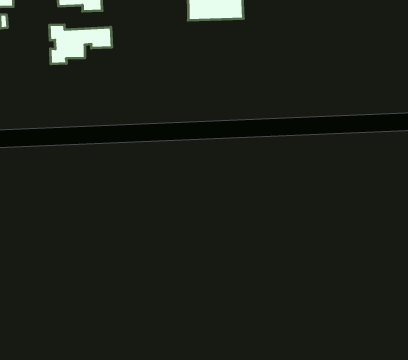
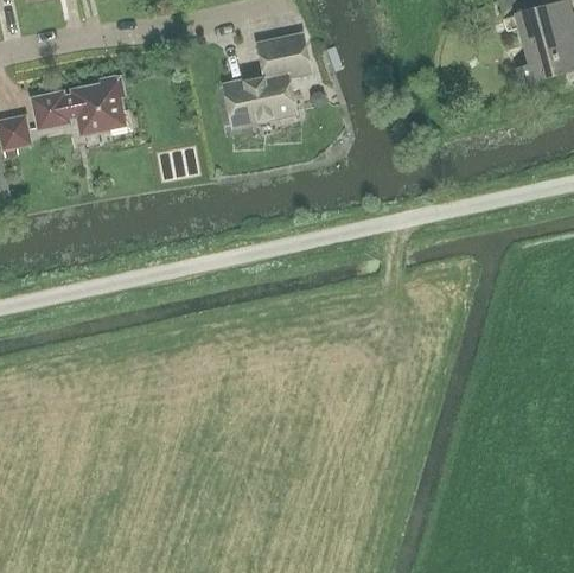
building: [50,25,112,64] -> none

